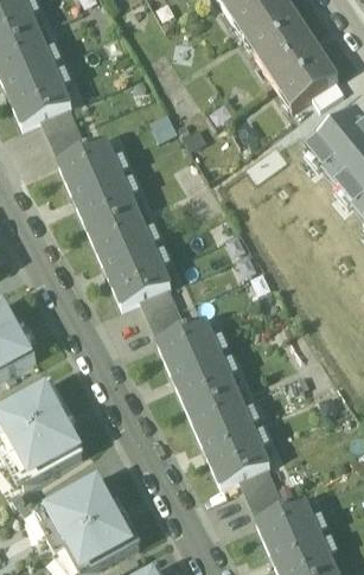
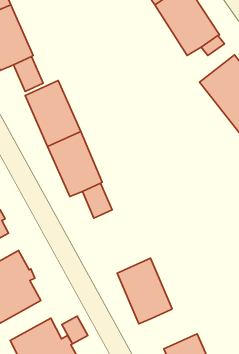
building: [158,319,237,413] -> none
building: [240,465,282,515] -> none
building: none -> [62,316,88,344]

